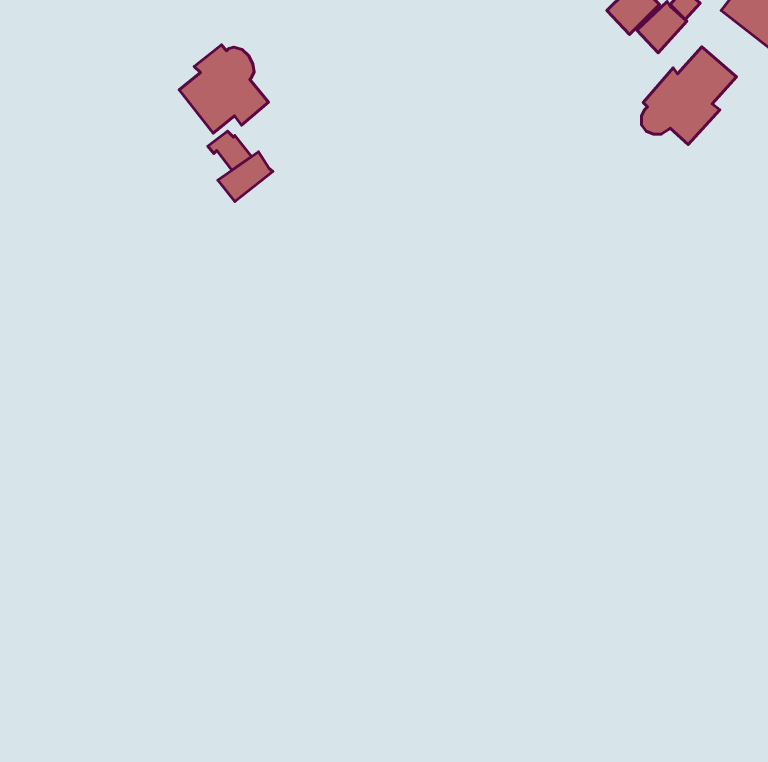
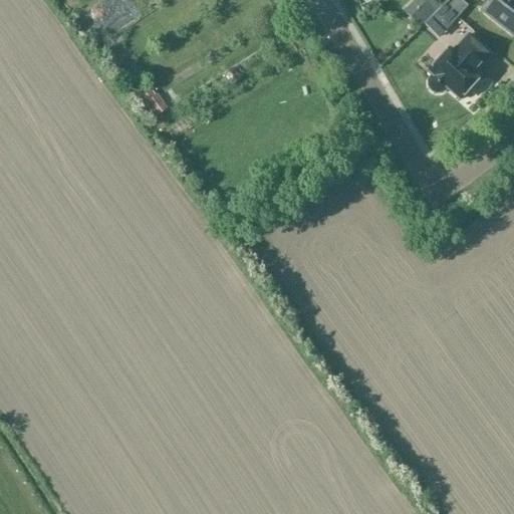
building: [179,45,268,133] -> none
building: [218,152,273,201] -> none

